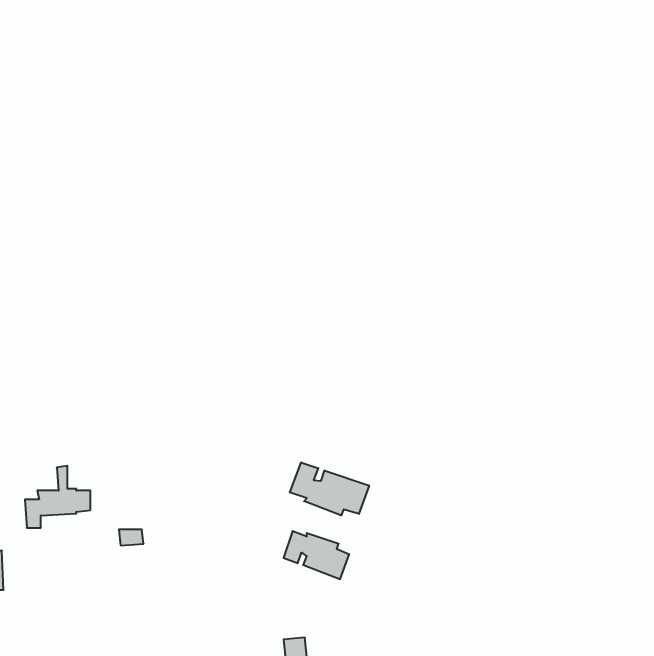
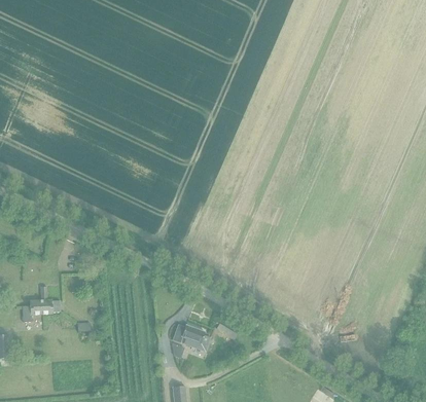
building: [290,462,369,515] -> none

